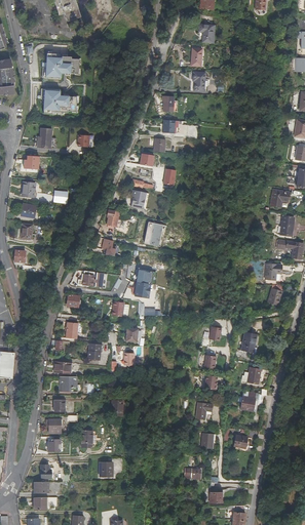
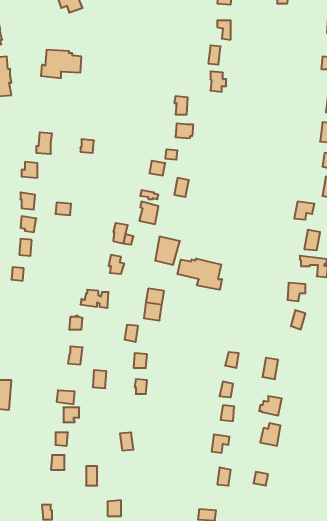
building: [39,87,75,114] -> none
building: none -> [178,258,222,290]

